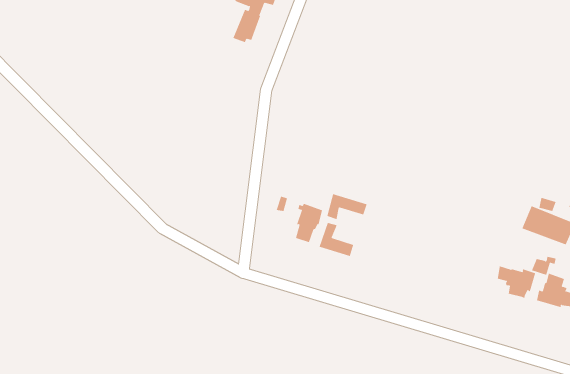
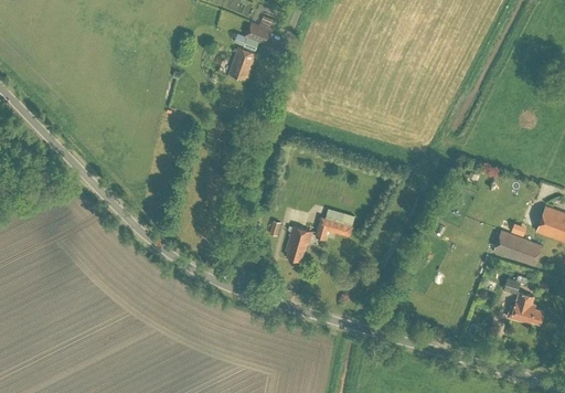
building: [319,222,354,257] -> none
building: [497,266,536,299] -> none

